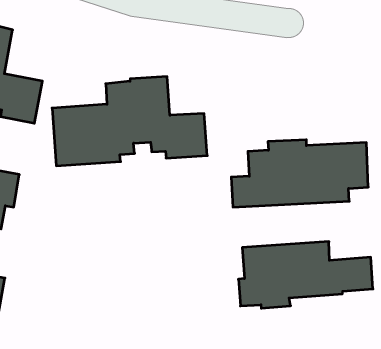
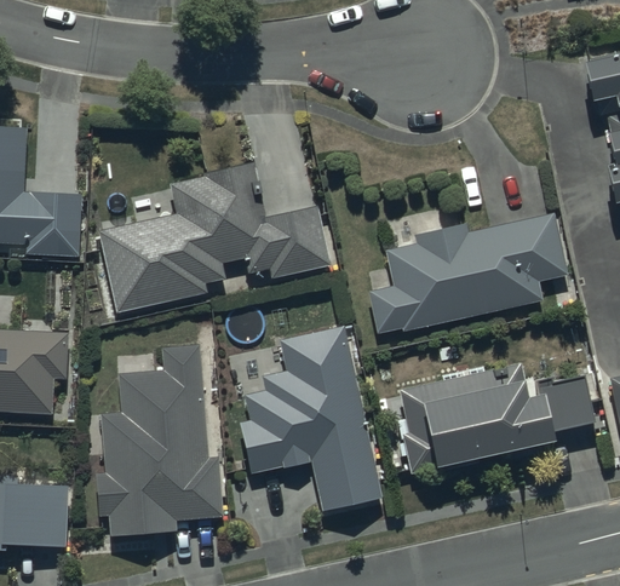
building: none -> [96,345,222,534]
building: none -> [241,327,379,511]

